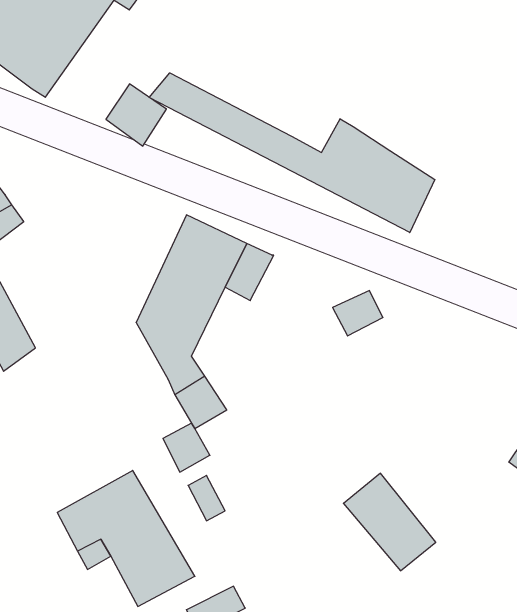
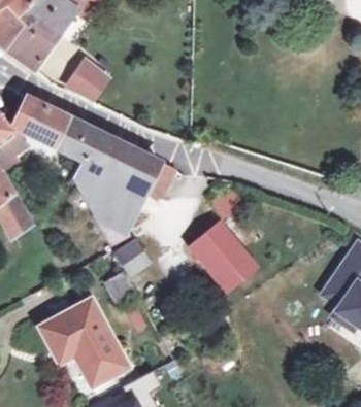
building: [149,73,435,233] -> none
building: none -> [12,97,122,208]
building: [343,473,436,571] -> [193,226,250,285]

